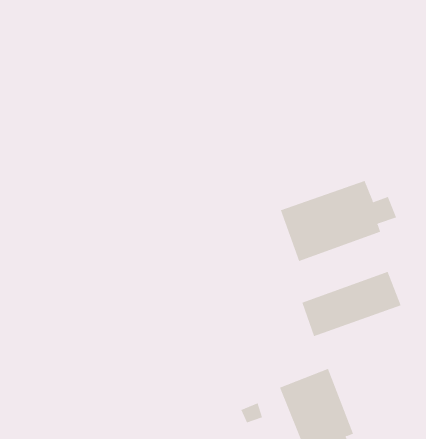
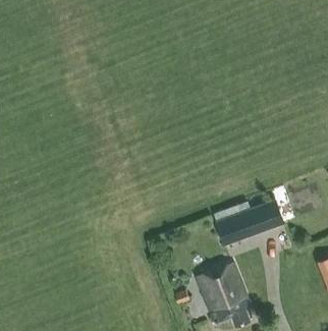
building: [280,180,397,262] -> none

